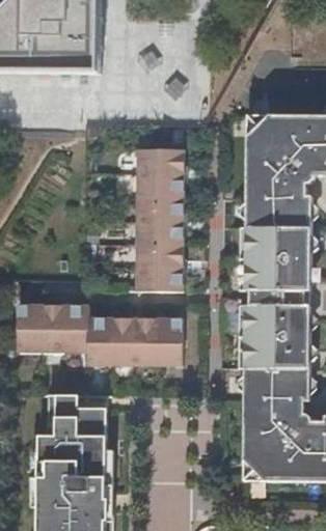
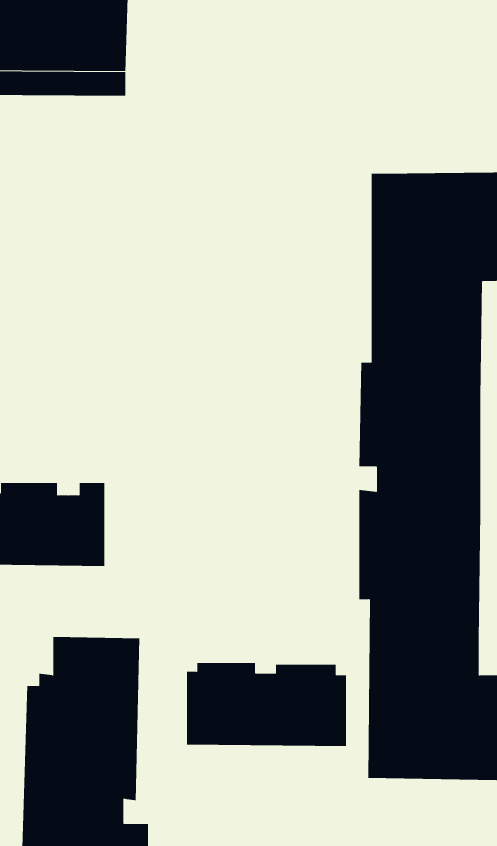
building: [135,146,186,289] -> none
building: [87,314,183,364] -> [186,663,347,746]

